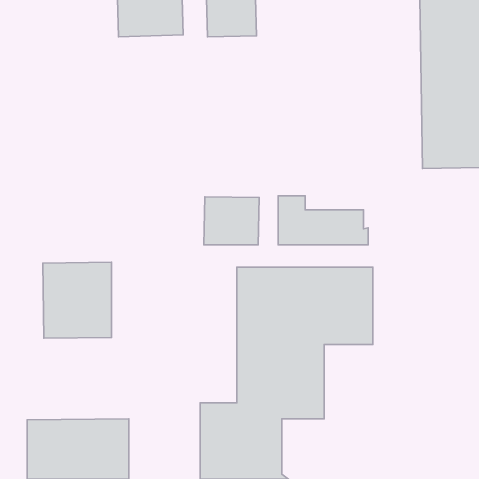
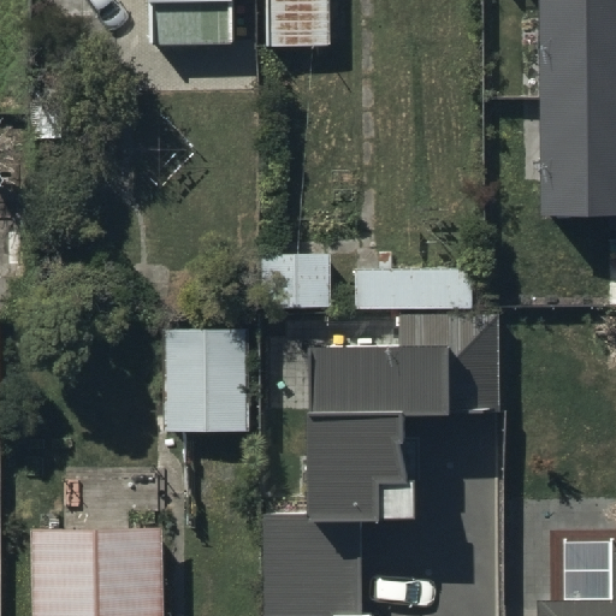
building: [43,262,111,338] -> [164,337,251,434]

